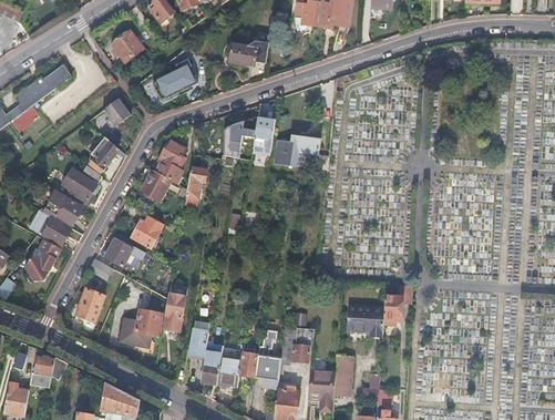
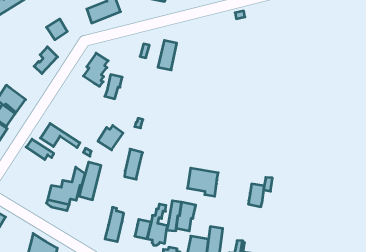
building: [274,133,327,174] -> none
building: [60,163,102,204] -> none
building: [141,170,171,201] -> none
building: [131,215,163,247] -> [98,125,123,150]
building: [75,288,104,321] -> none
building: [346,304,384,338] -> [187,168,218,196]
building: [187,324,208,362] -> [125,149,143,179]
building: [216,357,240,385] -> none

